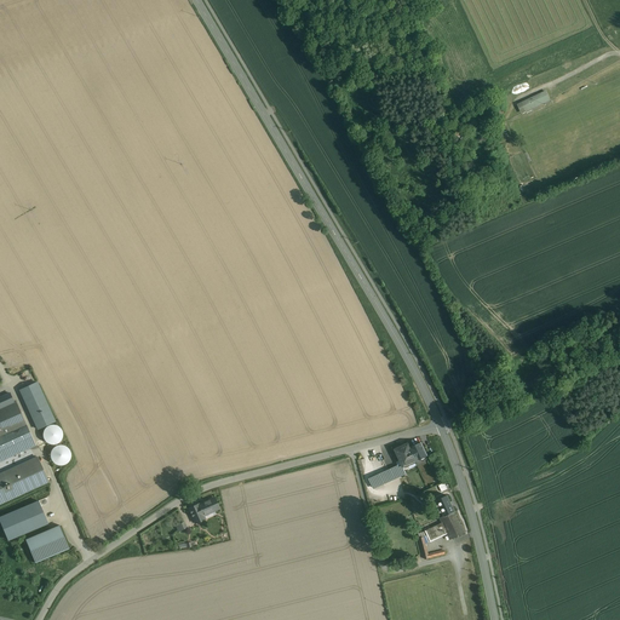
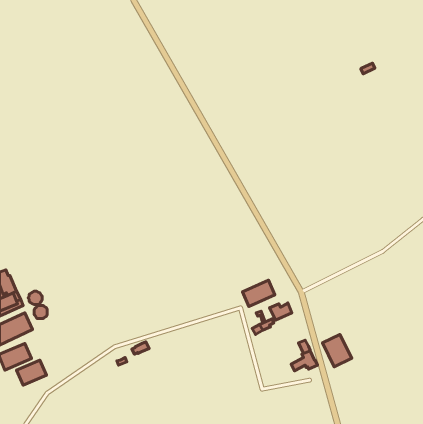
building: [19,383,53,429] -> none
building: none -> [243,280,275,307]
building: none -> [322,334,352,367]

